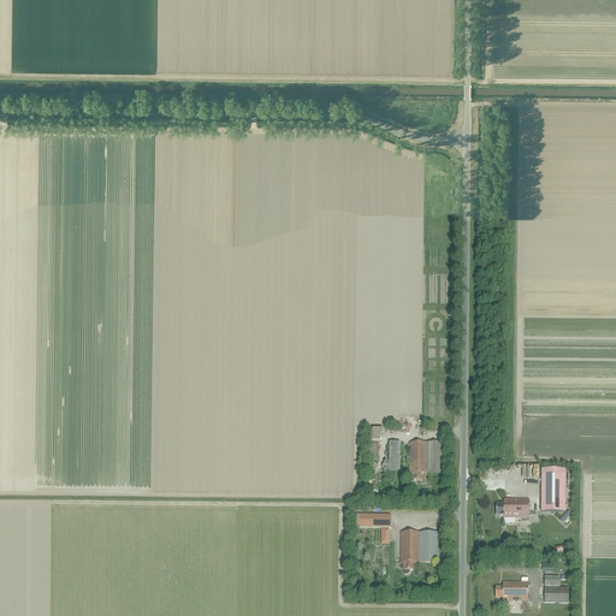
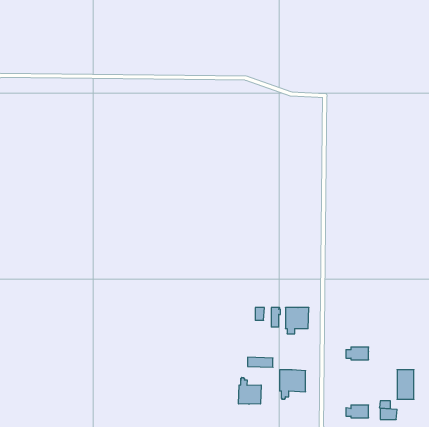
building: [540,467,564,509] -> [397,370,414,399]
building: none -> [239,377,261,404]

